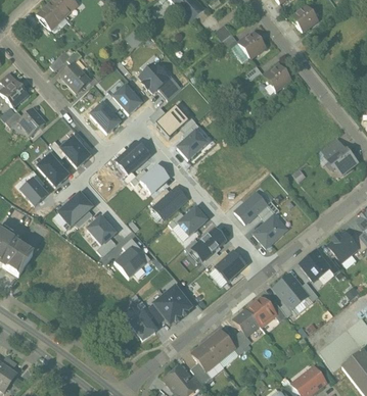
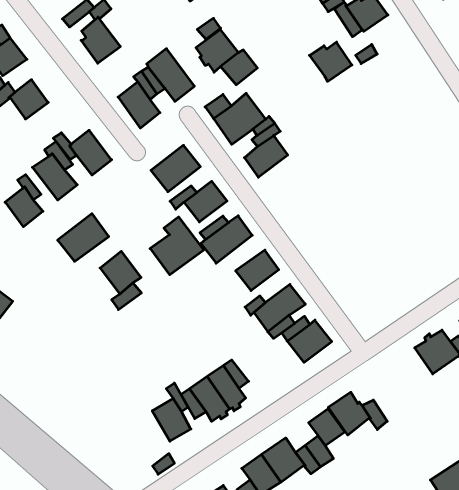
building: [262,62,290,89] -> [309,42,352,81]
building: [235,190,268,221] -> none
building: [254,213,287,246] -> none
building: [114,237,150,276] -> [150,217,204,275]
building: [274,271,308,306] -> none

